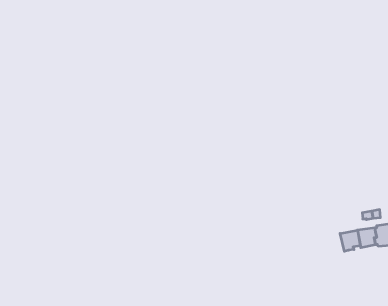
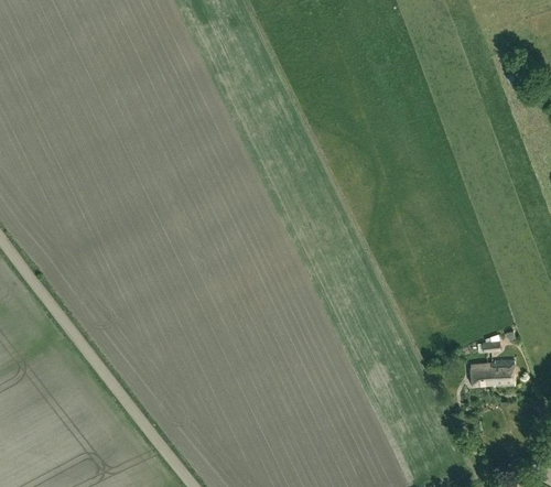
building: [340,230,360,251] -> none

